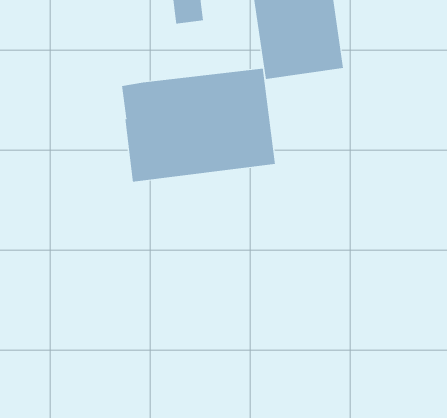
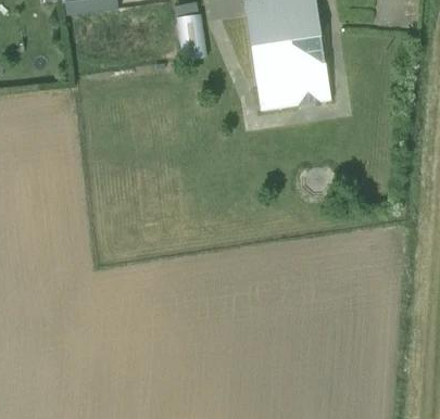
building: [122,68,275,182] -> none

